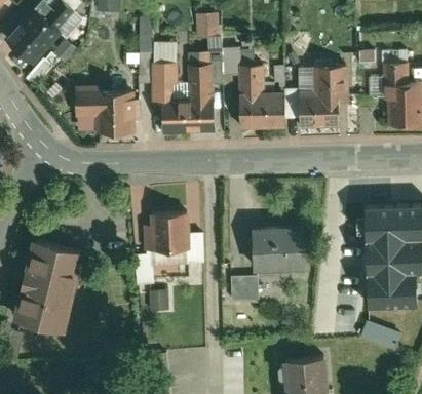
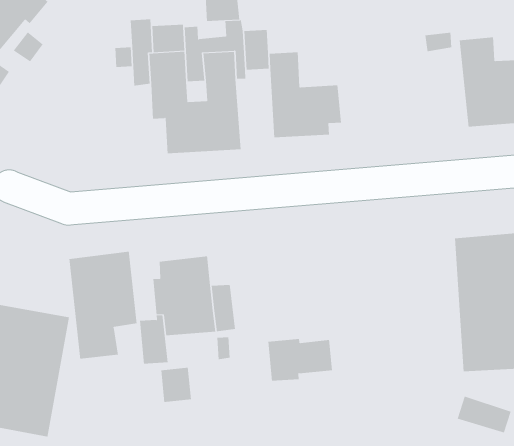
building: [290,66,345,127] -> none
building: [78,84,142,133] -> none
building: none -> [69,251,137,359]
building: [255,222,301,268] -> none

